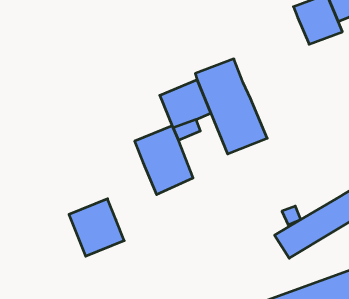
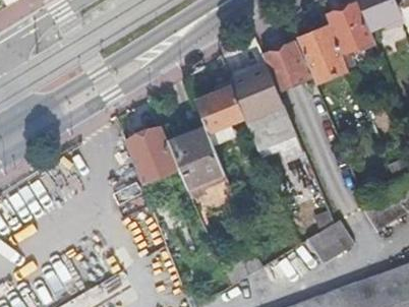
building: none -> [298,26,348,82]
building: none -> [262,44,307,90]
building: [69,199,124,256] -> [125,127,179,183]

